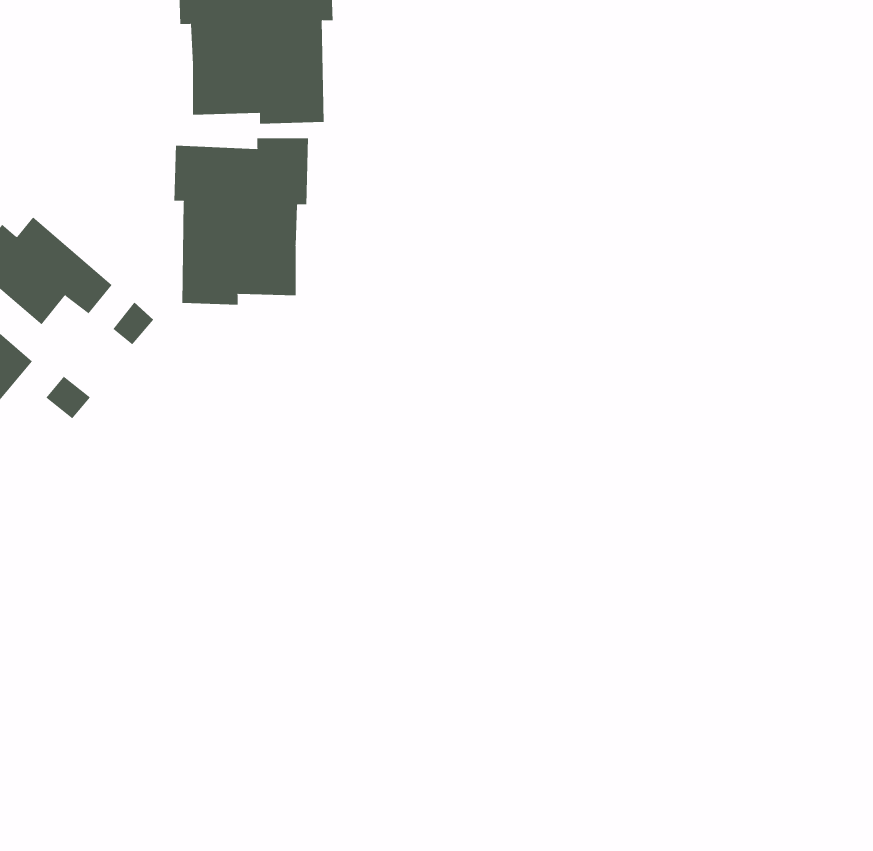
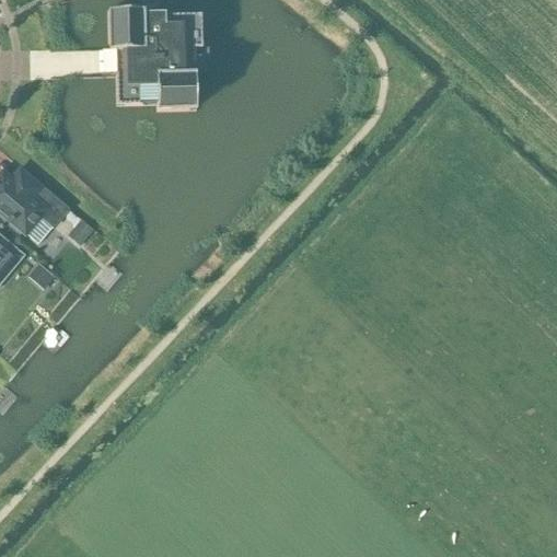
building: [174,137,309,305] -> none

